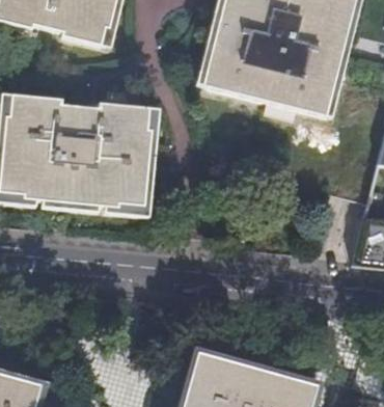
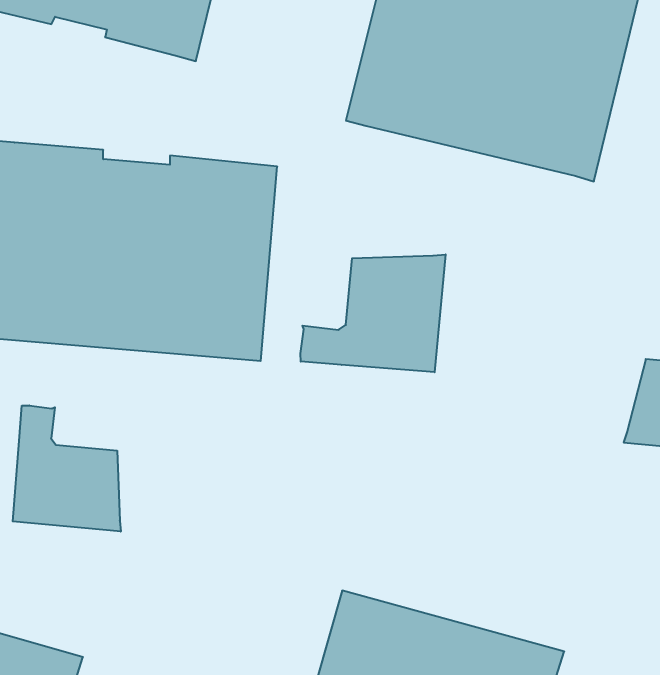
building: none -> [300,254,446,372]
building: none -> [13,405,121,532]

